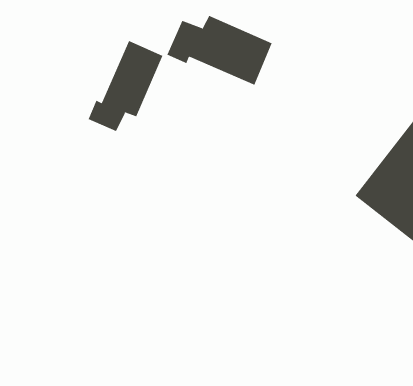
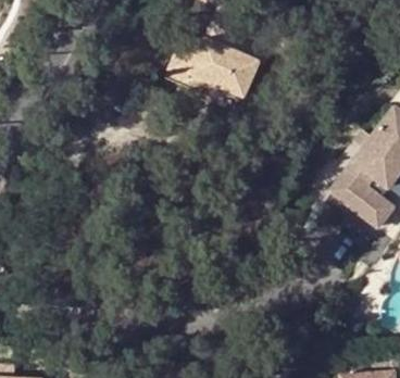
building: [88,40,163,132] -> none

